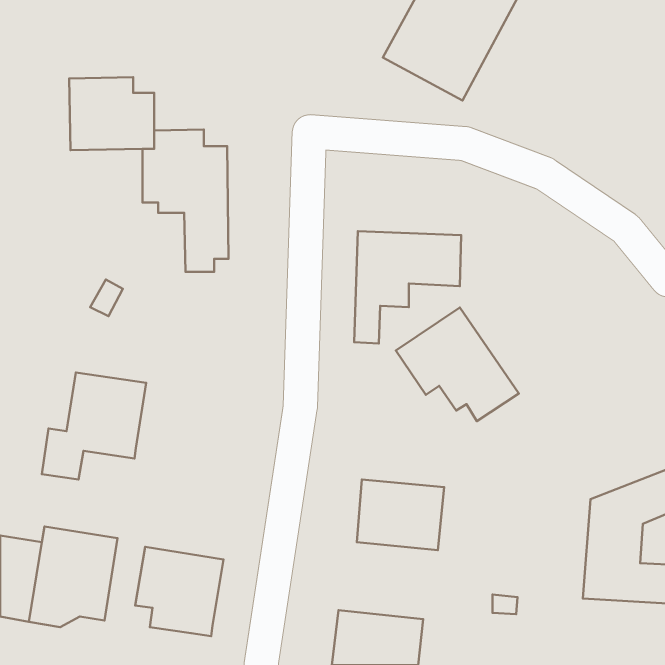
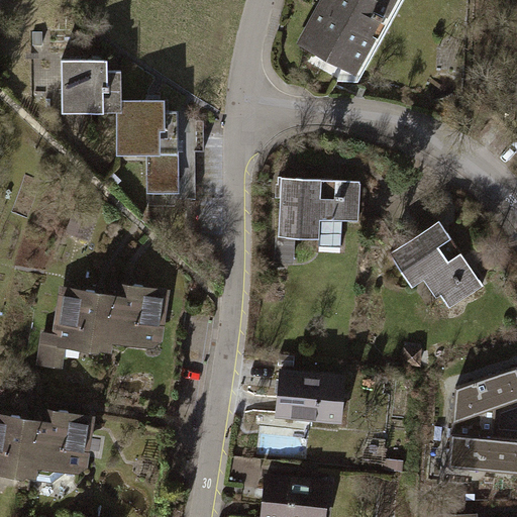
building: [396,307,519,421] -> [387,222,482,310]
building: none -> [107,284,169,353]
building: [135,547,223,636] -> none

